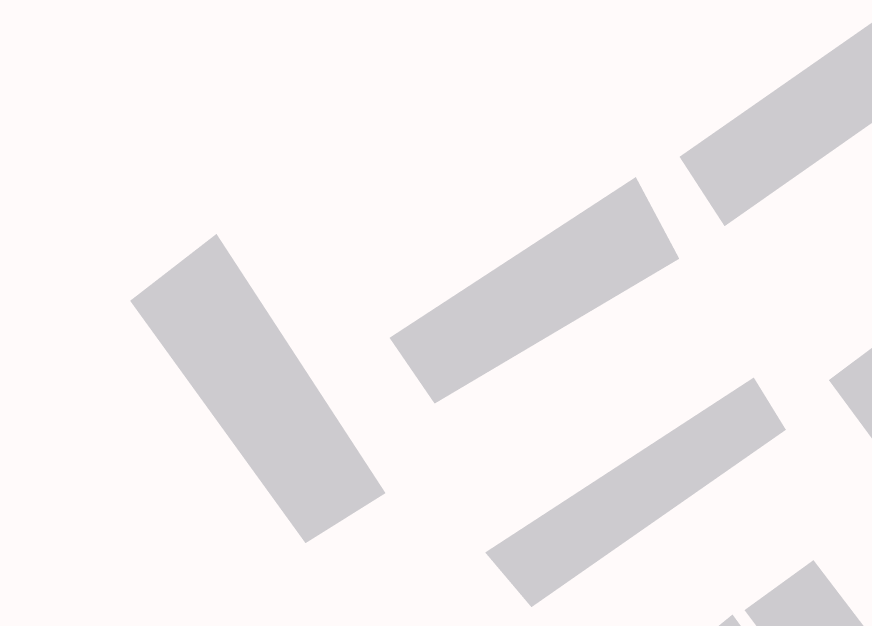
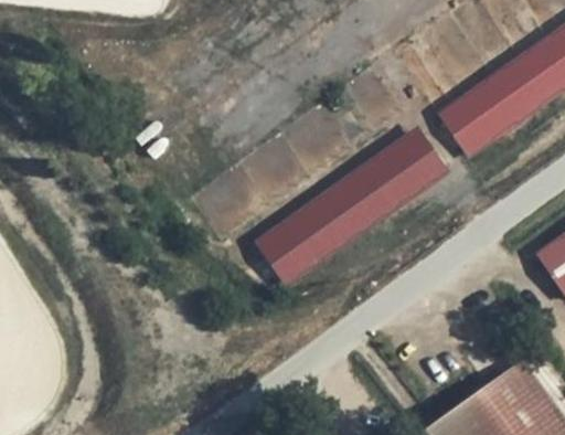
building: [129,233,387,544] -> none
building: [484,376,787,608] -> none

